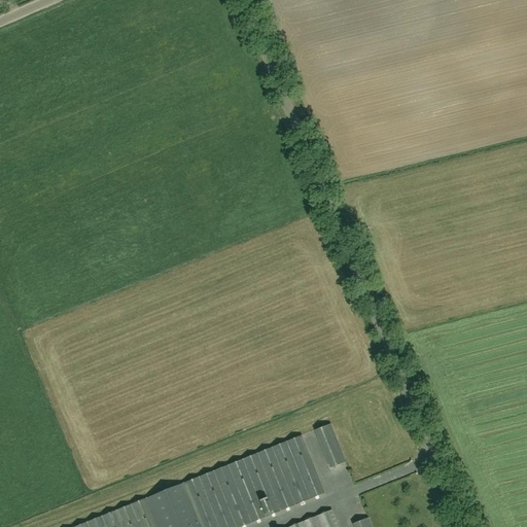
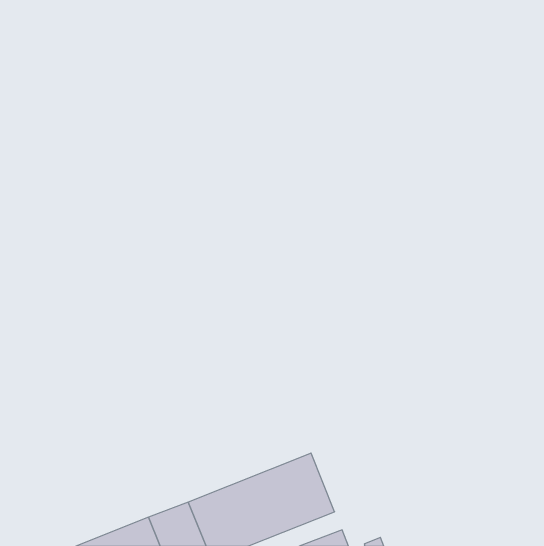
building: [313,424,344,468] -> none

